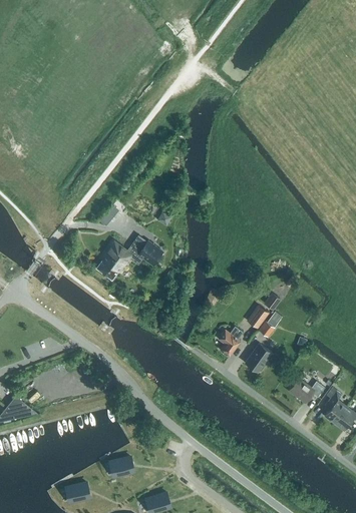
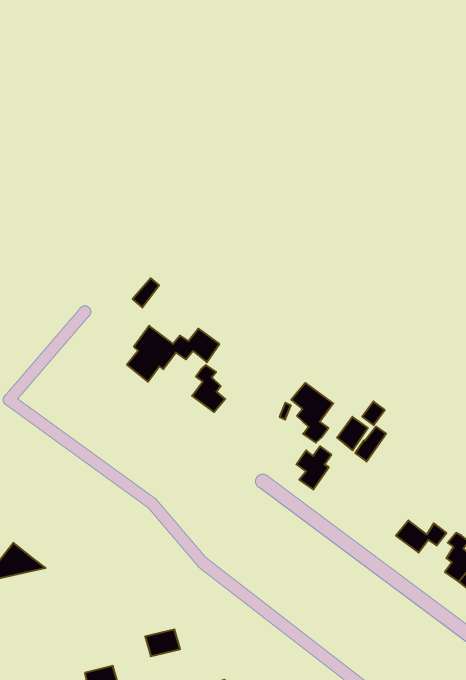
building: none -> [192,365,225,412]
building: none -> [291,383,333,443]
building: [244,342,273,372] -> none

